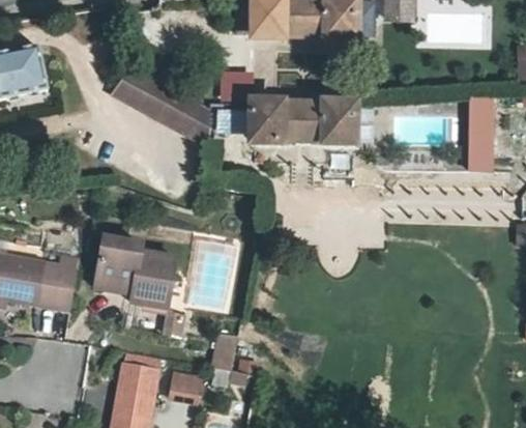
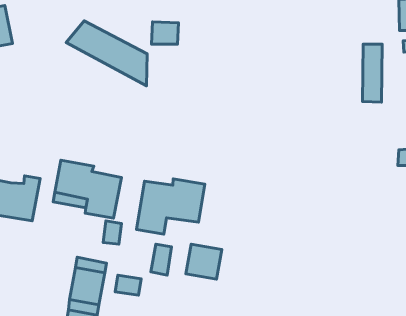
building: [249,102,353,143] -> none
building: none -> [136,179,205,234]
building: none -> [186,244,222,279]

